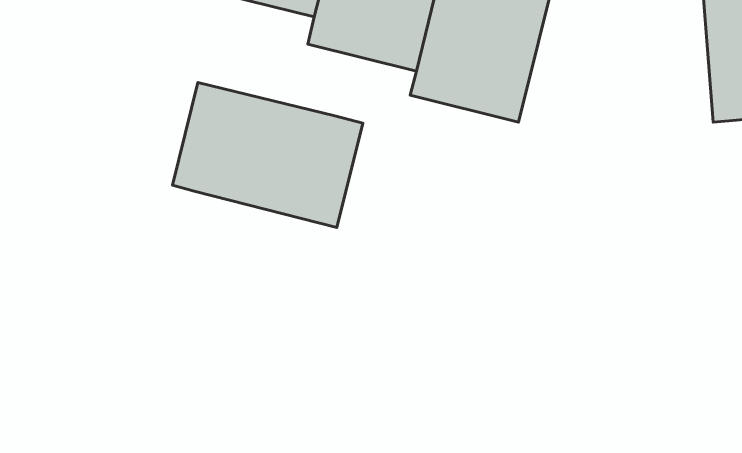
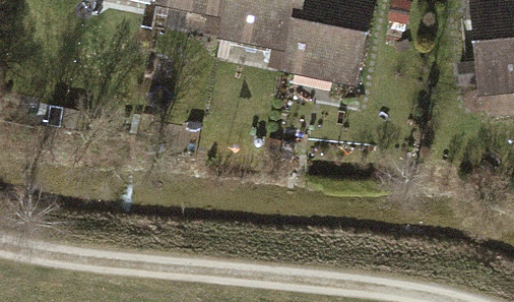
building: [173,83,363,227] -> none

